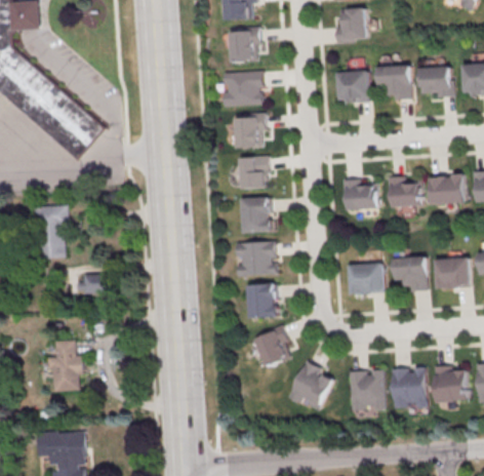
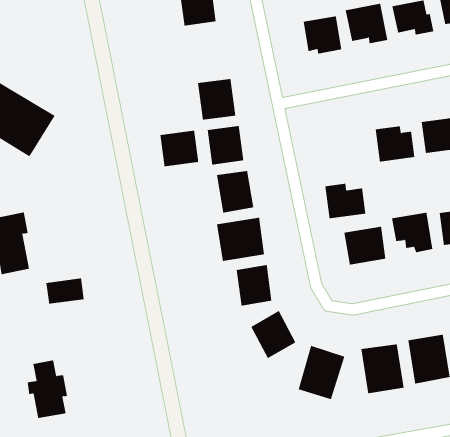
building: [221,71,264,107] -> none
building: none -> [160,130,199,167]
building: [342,180,376,209] -> [325,183,366,219]

